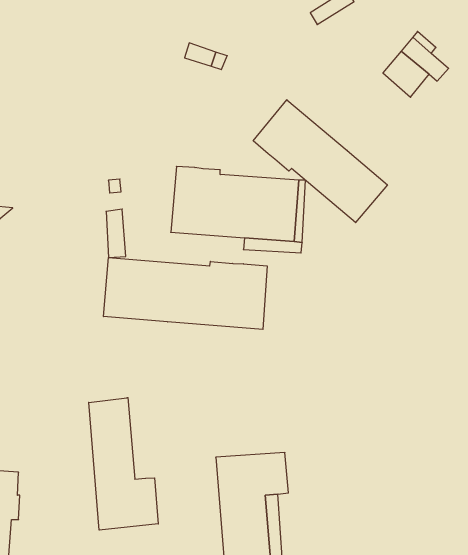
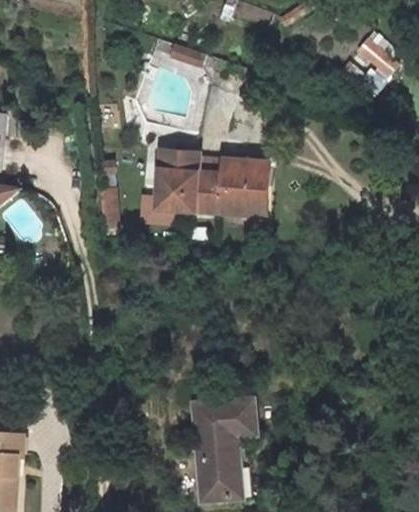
building: [253,100,387,223] -> none
building: [104,258,267,329] -> none
building: [89,398,158,530] -> none

